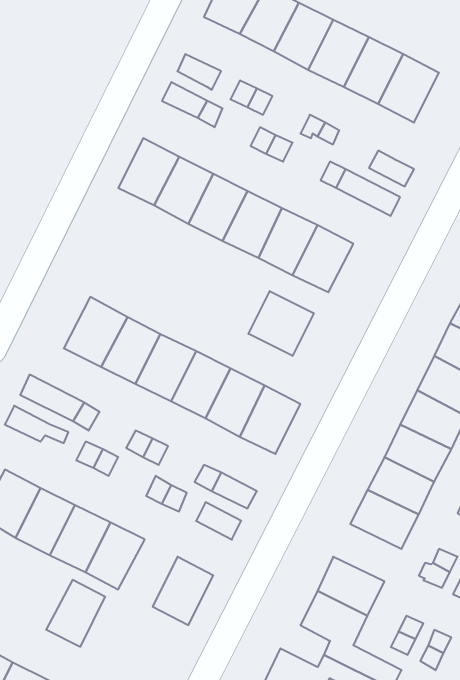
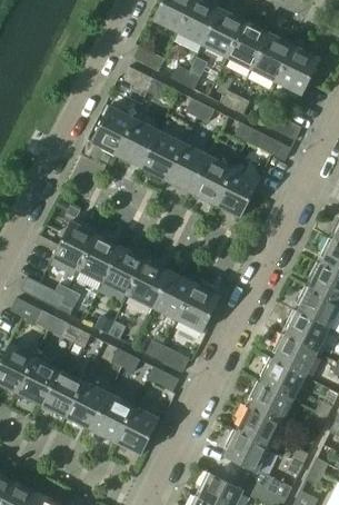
building: [248,291,314,356] -> none
building: none -> [245,383,293,424]
building: [46,580,105,647] -> [91,394,133,442]

